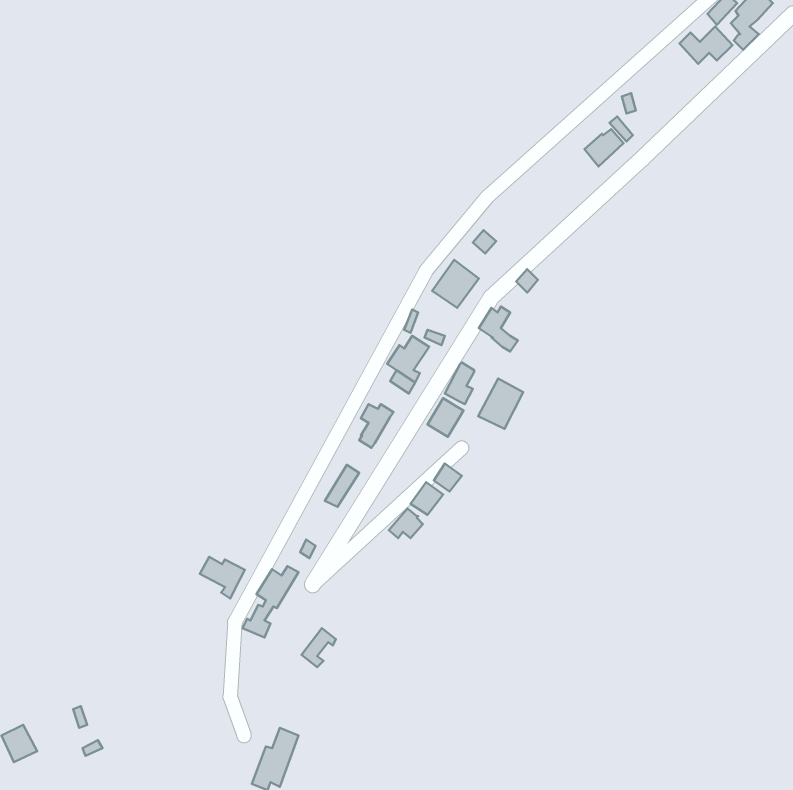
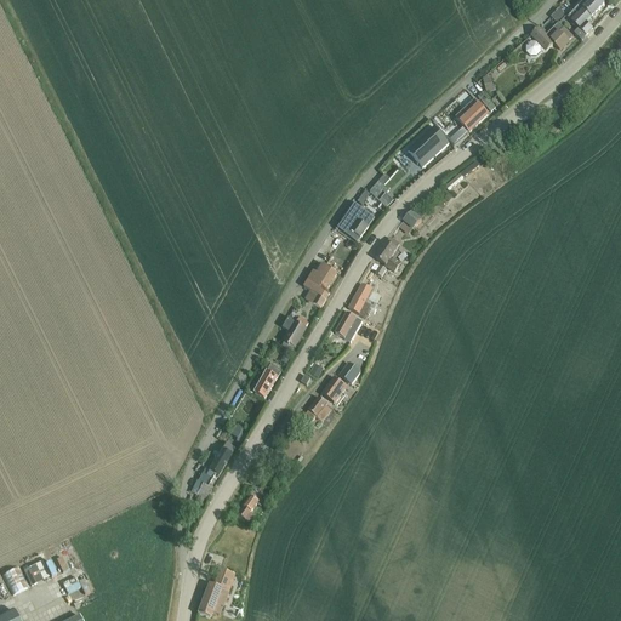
building: none -> [406,126,448,166]
building: [478,379,523,429] -> none
building: [200,557,245,599] -> none

